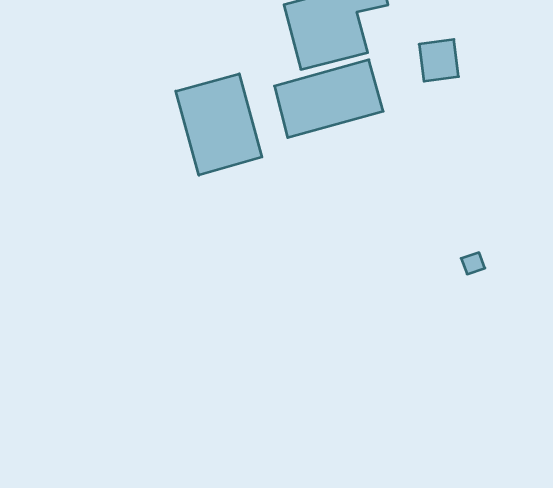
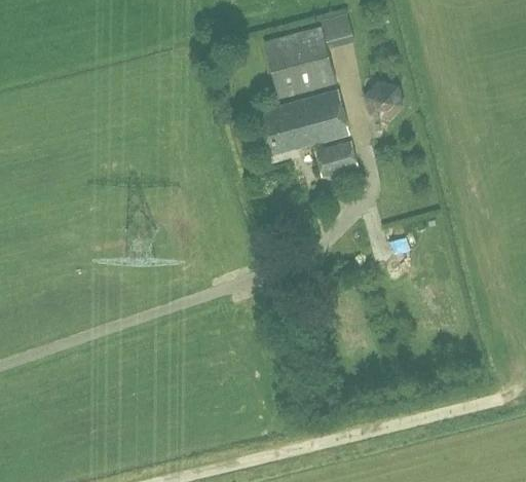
building: [176,74,262,175] -> none
building: none -> [313,141,356,177]

